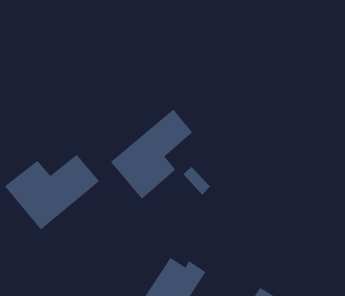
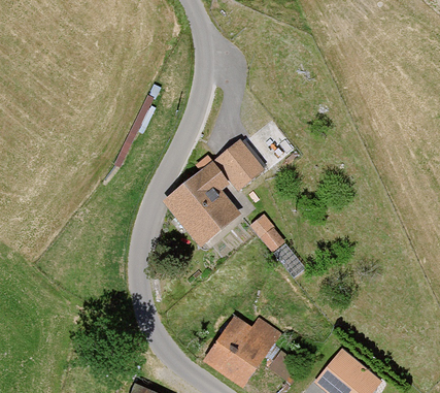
building: [4,154,100,231] -> none

